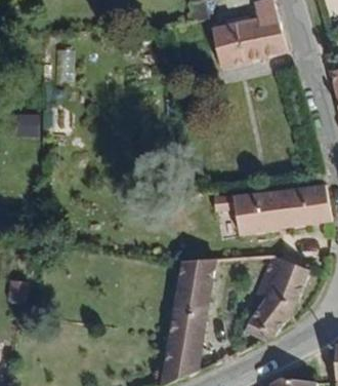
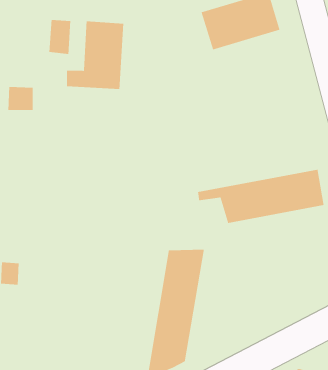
building: none -> [66,21,124,90]
building: [237,258,302,340] -> none

